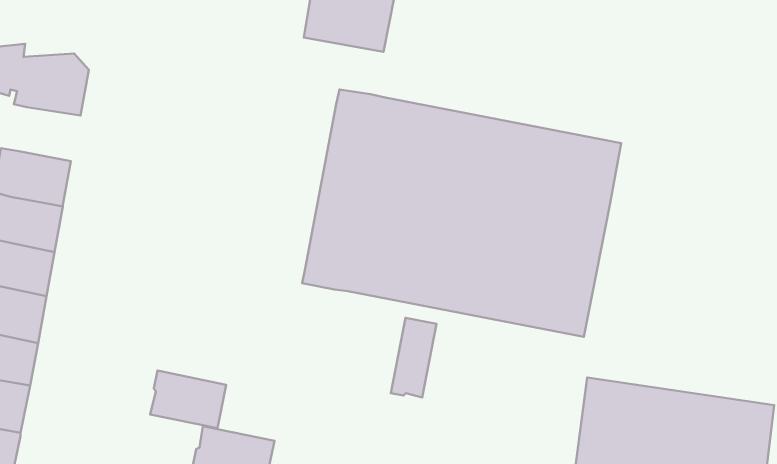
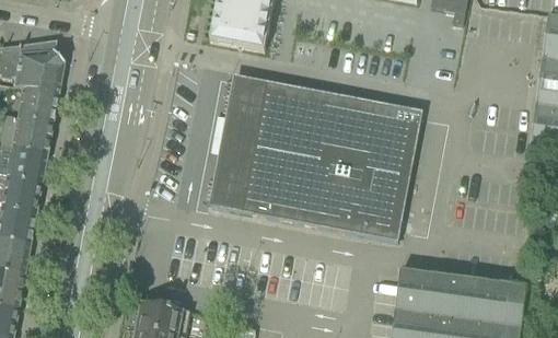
building: none -> [18,86,59,123]
building: [391,318,436,397] -> none
building: [150,371,226,428] -> none

